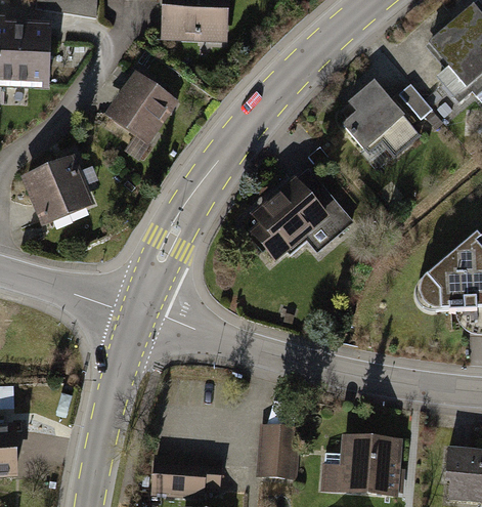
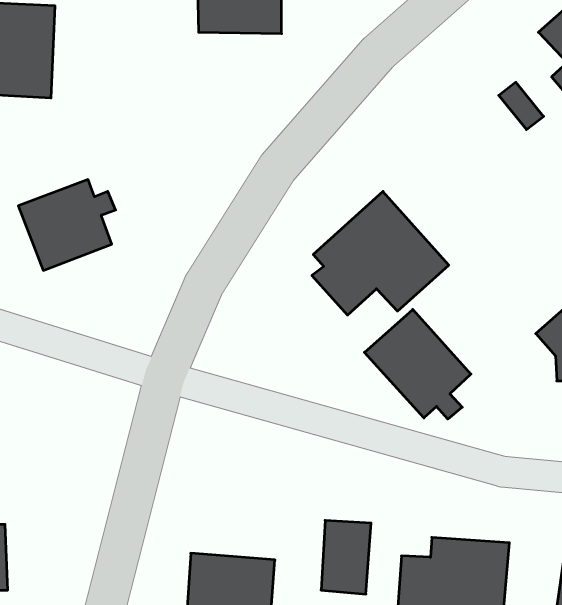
building: [106,72,177,143] -> none
building: [342,80,418,152] -> none
building: none -> [364,309,471,419]

